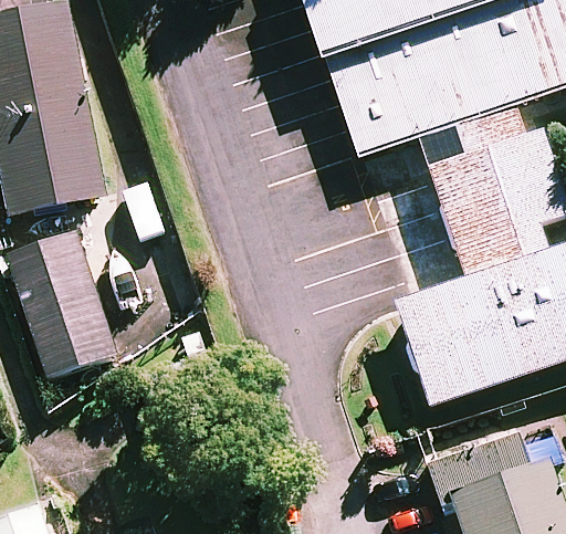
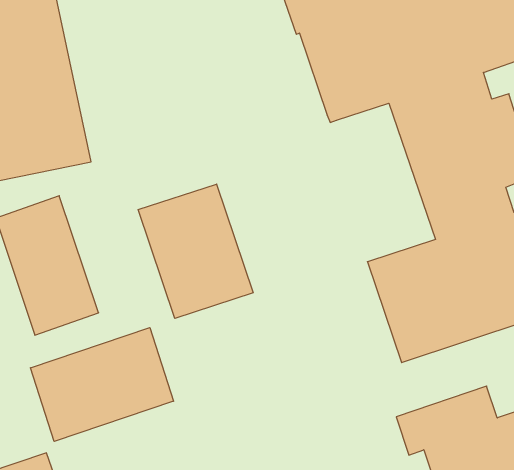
building: none -> [138,184,253,318]
building: none -> [30,328,174,441]

